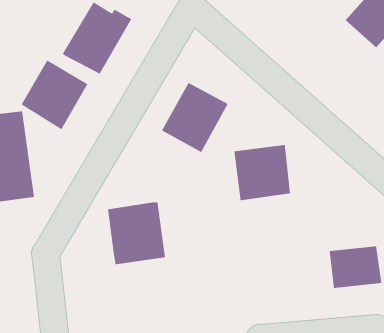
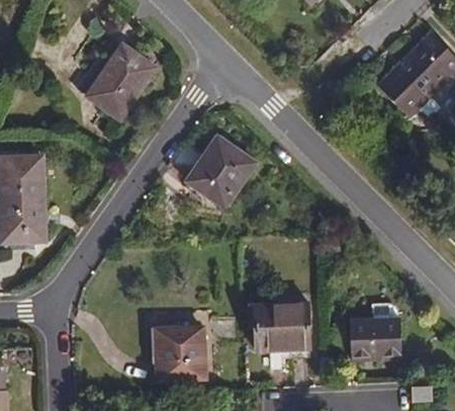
building: [21,60,88,130] -> none
building: [234,145,291,201] -> [253,301,309,356]
building: [107,202,166,265] -> [153,323,210,386]

